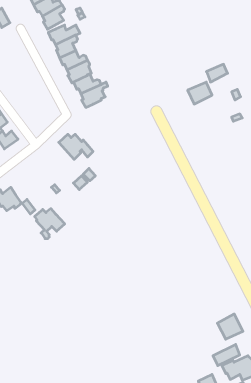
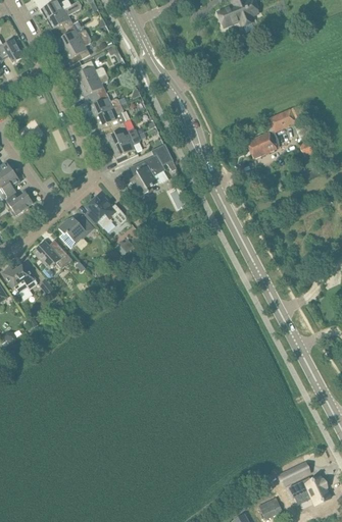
building: none -> [129,143,175,196]
building: none -> [57,214,92,247]
building: [35,209,65,239] -> [34,239,71,276]
building: [217,314,243,339] -> none

